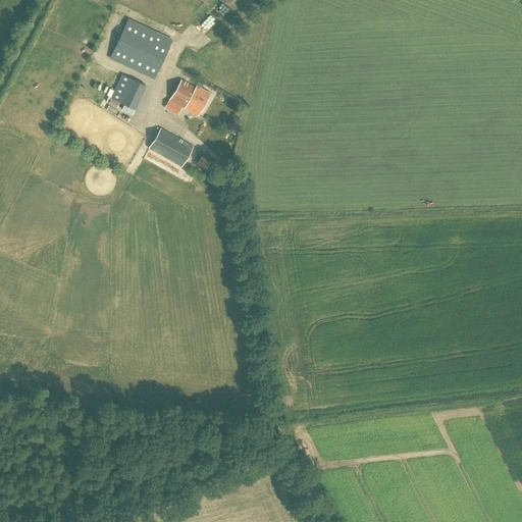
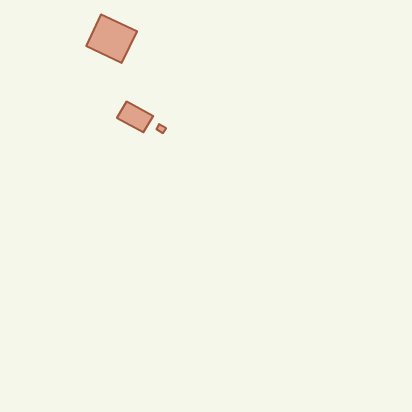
building: [110,74,147,110] -> none
building: [169,80,210,116] -> none

